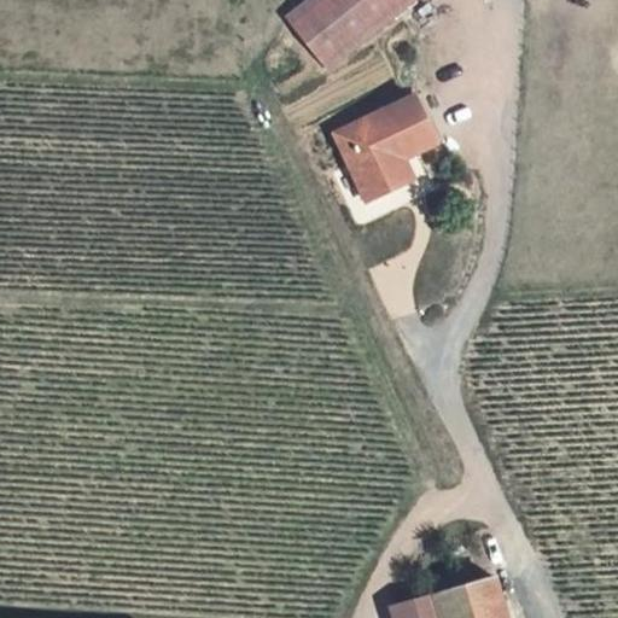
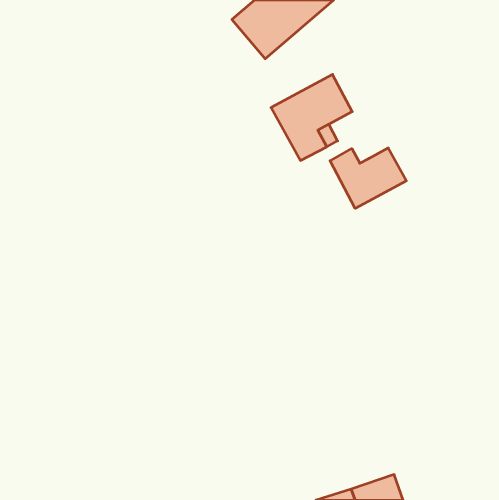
building: none -> [330,148,406,208]

